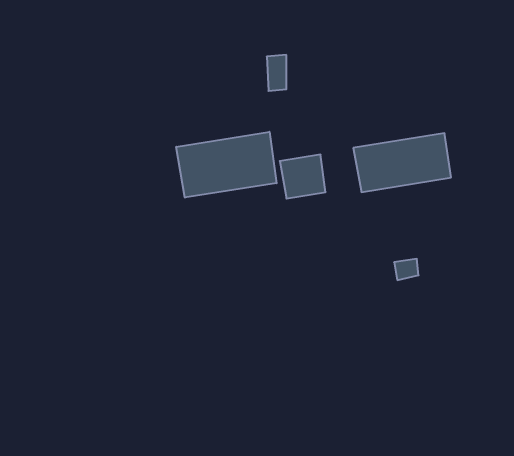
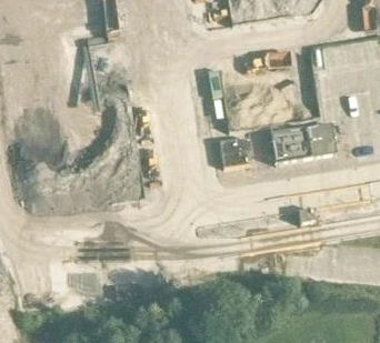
building: [176,132,277,198] -> none

